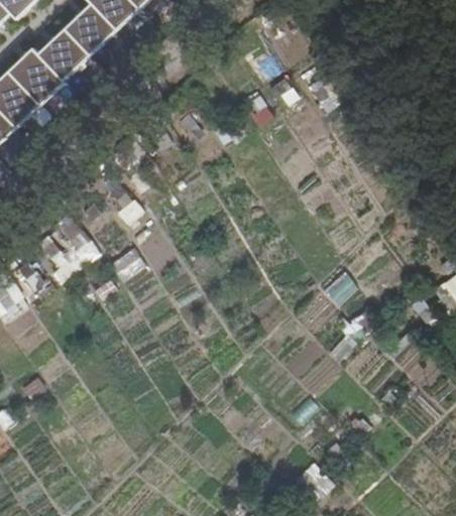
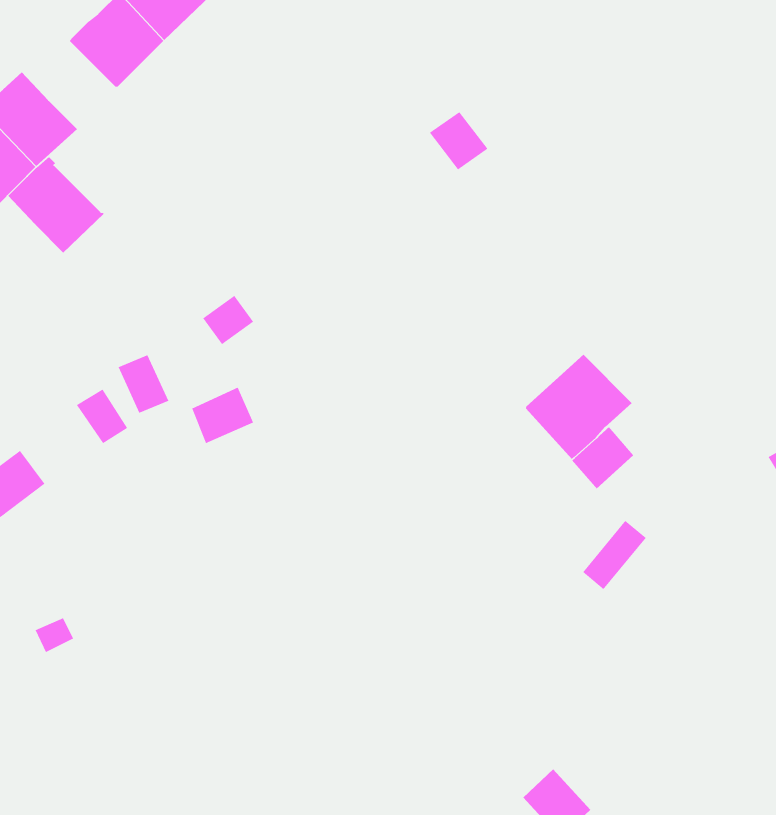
building: [14,47,69,102] -> [7,156,105,253]
building: none -> [525,354,632,460]

